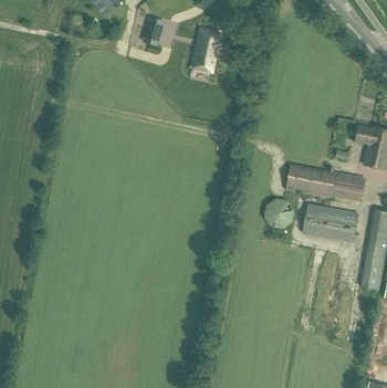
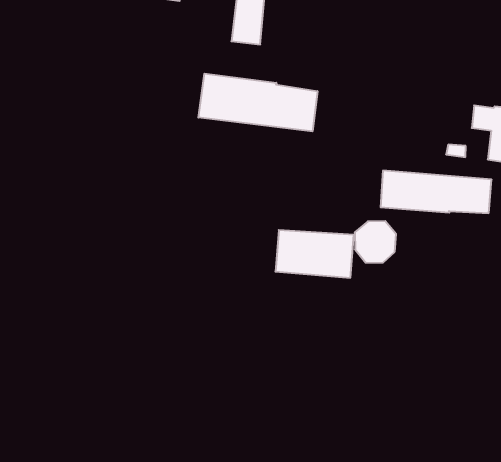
building: none -> [198,74,317,131]
building: [302,203,359,242] -> [275,230,354,278]

